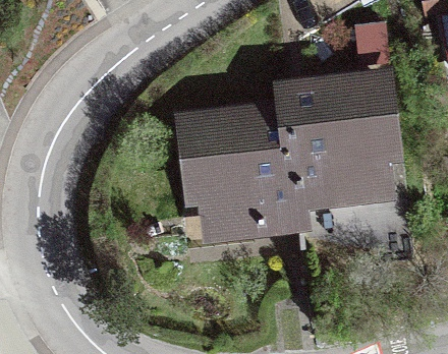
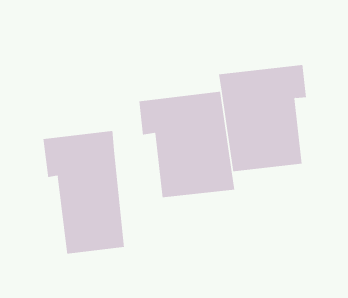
building: none -> [43,130,124,254]

